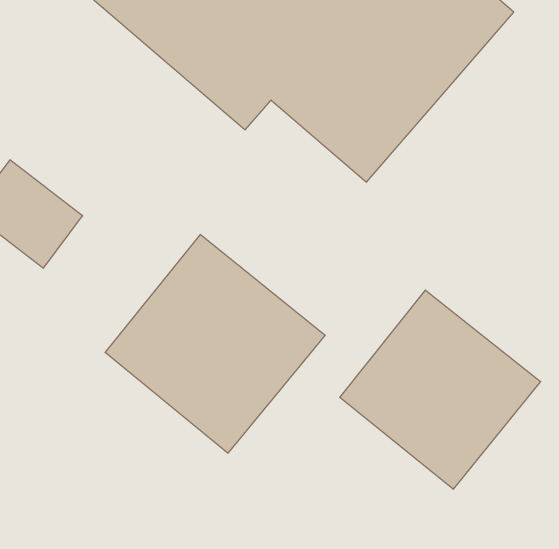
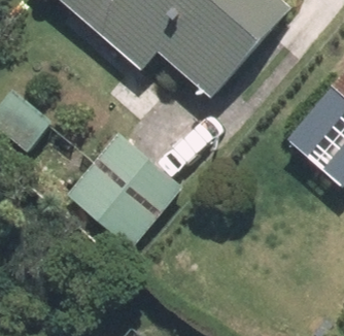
building: [340,290,541,489] -> none

